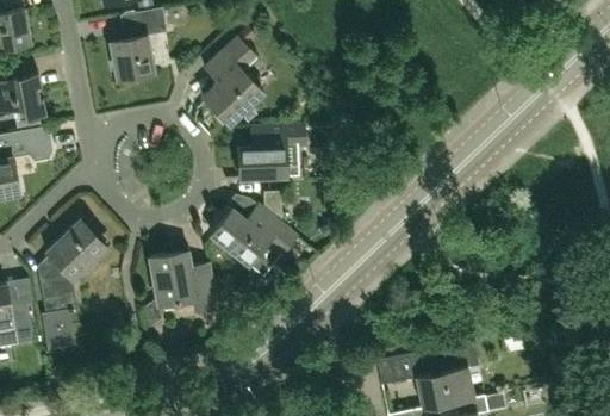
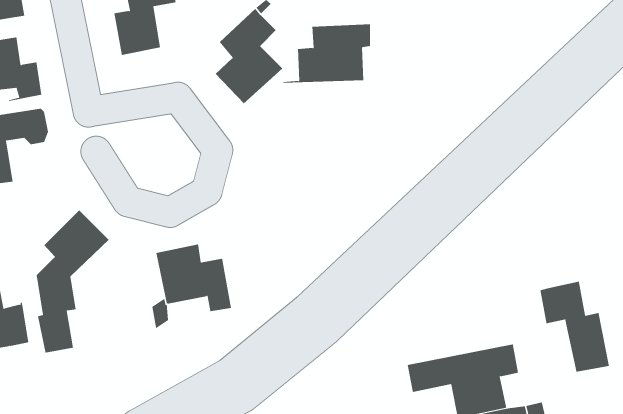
building: [224,126,304,180] -> [283,24,371,83]
building: [211,205,295,278] -> none
building: none -> [540,281,610,373]

